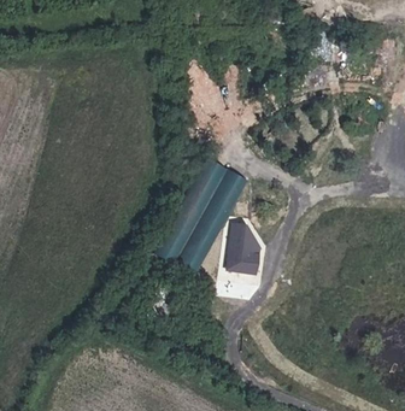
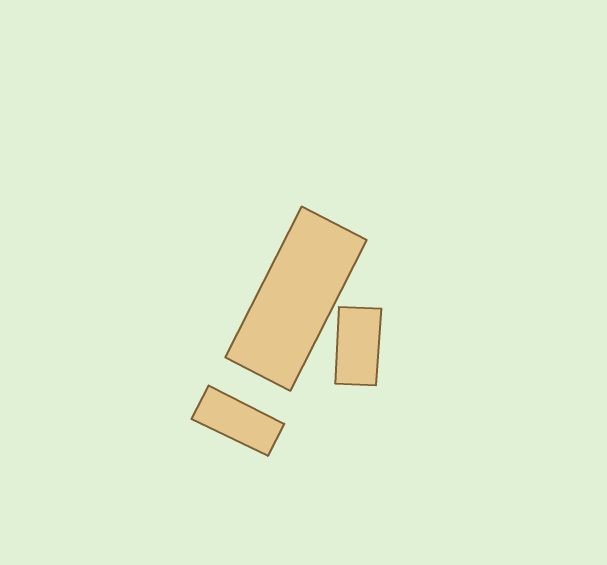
building: none -> [191,385,284,456]

